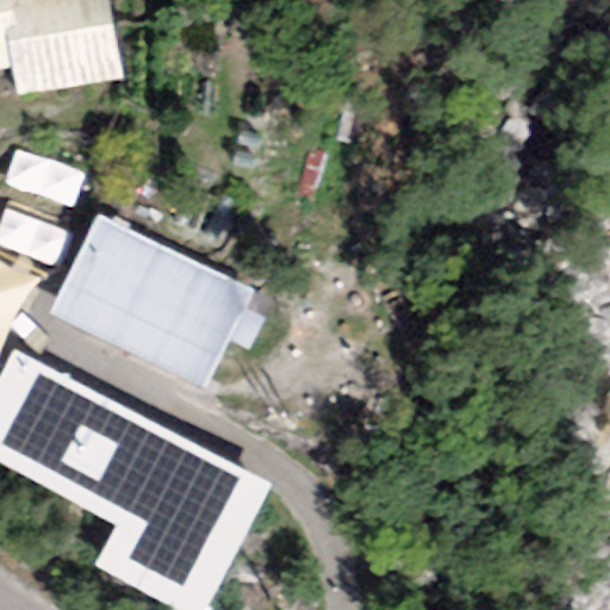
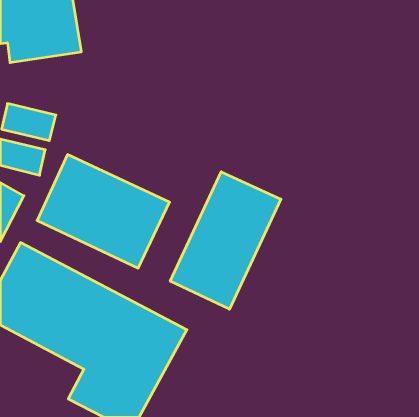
building: none -> [170,172,281,309]

